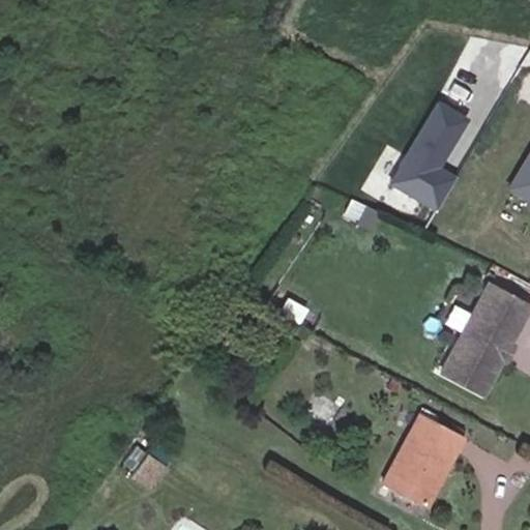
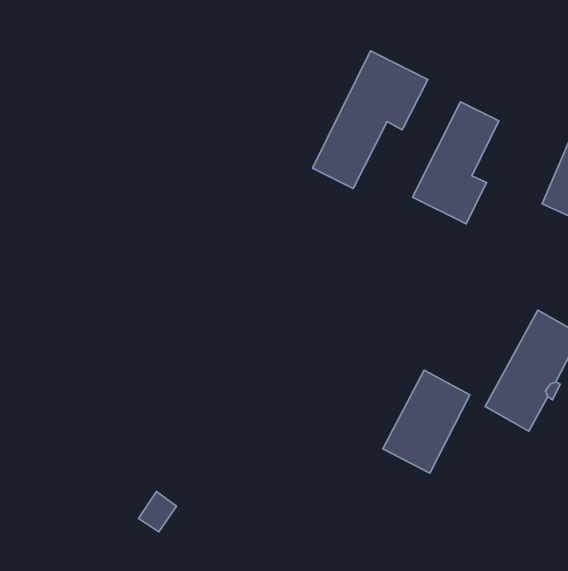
building: none -> [313,51,428,188]
building: [384,414,465,509] -> [383,370,470,473]

